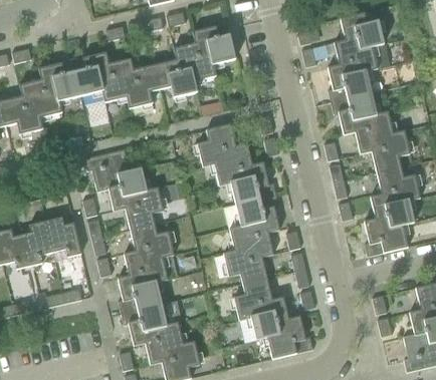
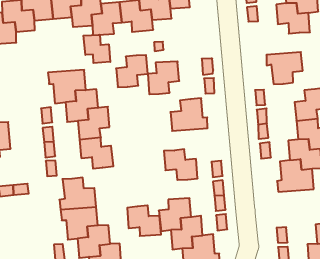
building: [328,61,370,101] -> none
building: none -> [83,35,110,63]
building: [355,110,392,152] -> none
building: [214,143,251,184] -> [116,55,148,87]
building: [235,195,278,235] -> none
building: [46,217,80,256] -> none
building: [124,247,168,284] -> none
building: [223,247,266,283] -> [127,205,161,236]

